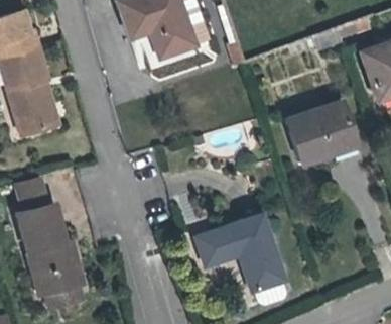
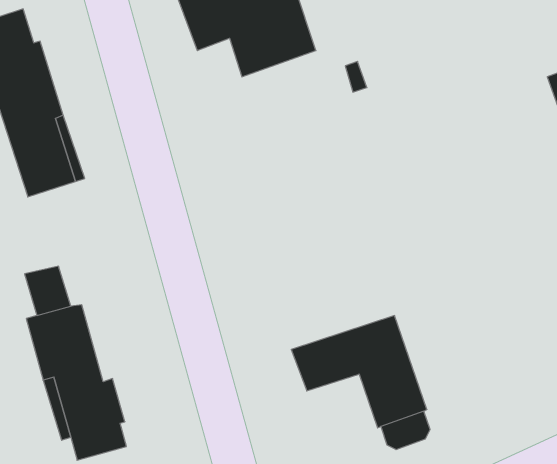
building: [287,101,355,164] -> none

